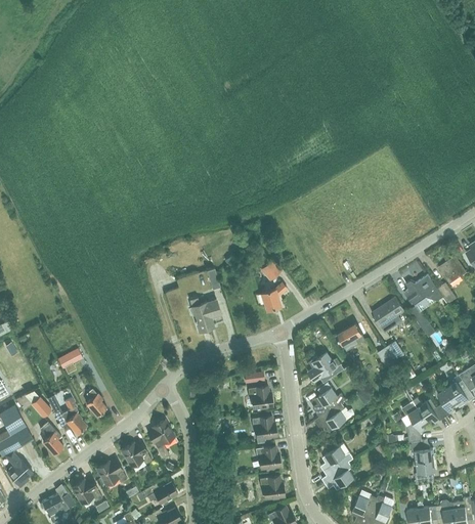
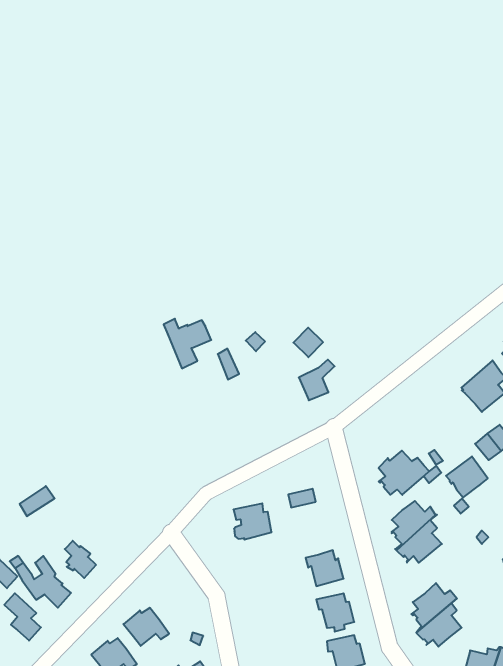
building: [189,297,221,332] -> [164,319,211,368]
building: [337,323,365,351] -> [446,456,488,497]
building: [247,386,272,409] -> [233,503,272,540]
building: [147,420,175,457] -> none

